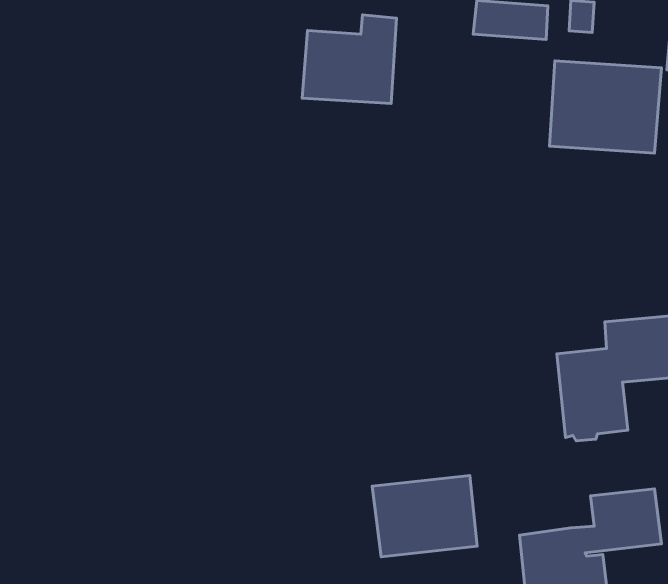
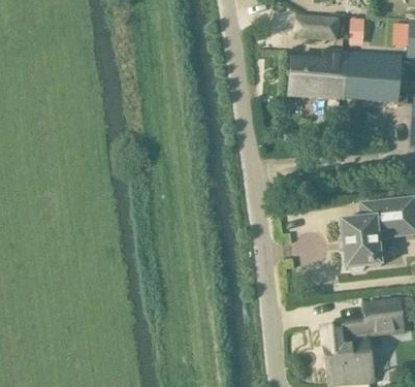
building: [302,15,396,103] -> [287,47,342,99]
building: [372,475,477,557] -> none

